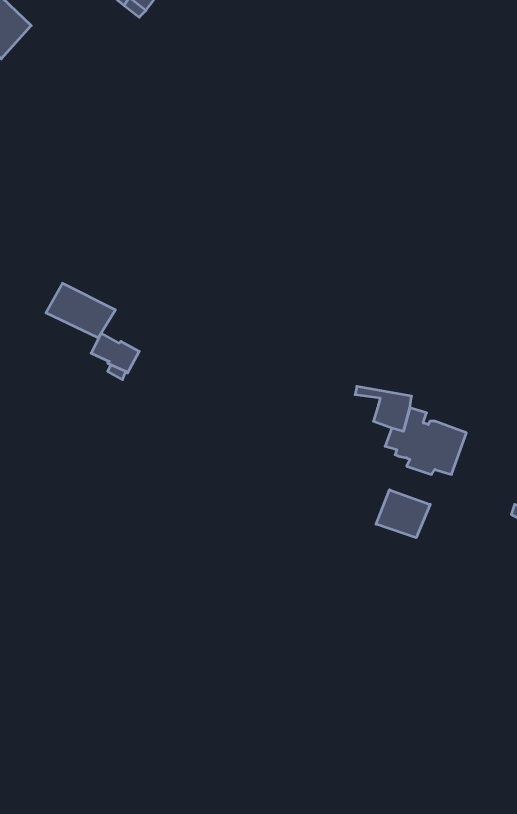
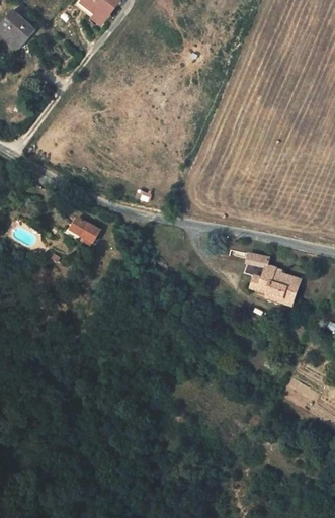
building: [46,283,115,338] -> none
building: [376,490,430,538] -> none

